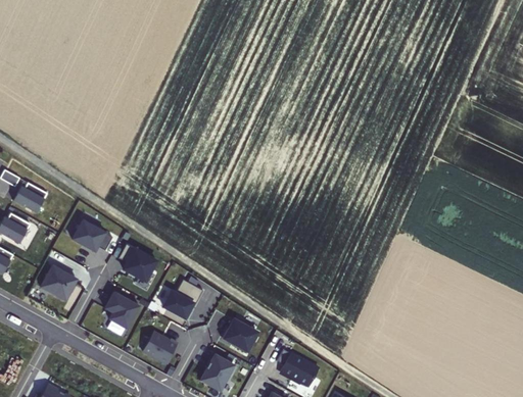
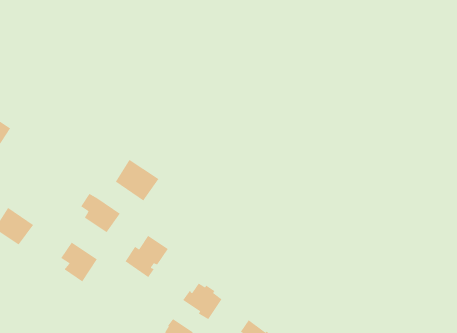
building: none -> [115,159,159,201]
building: [72,220,112,252] -> none
building: [141,332,177,364] -> none

